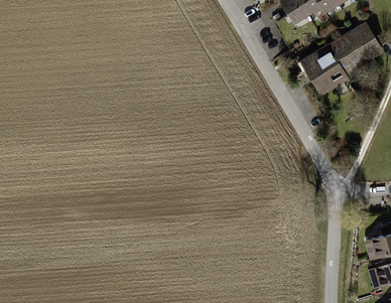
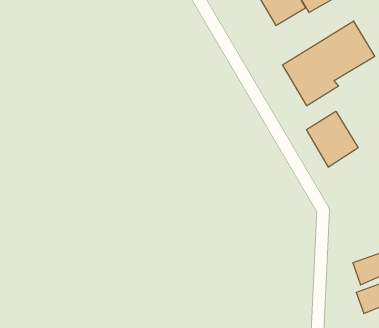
building: none -> [306,111,358,167]

